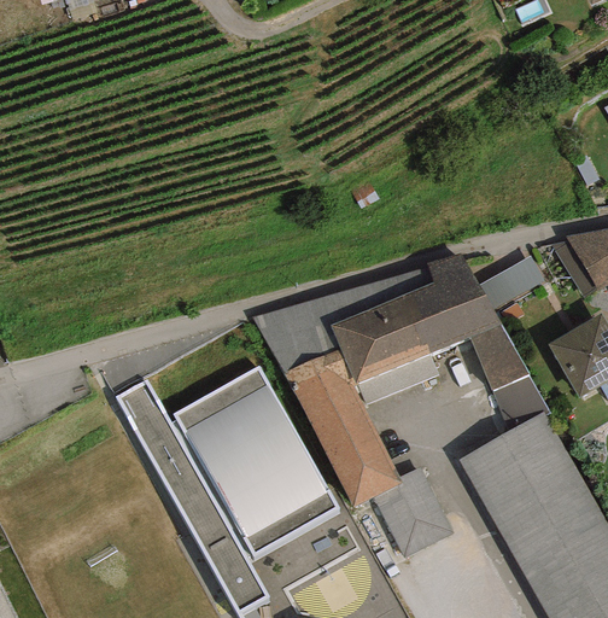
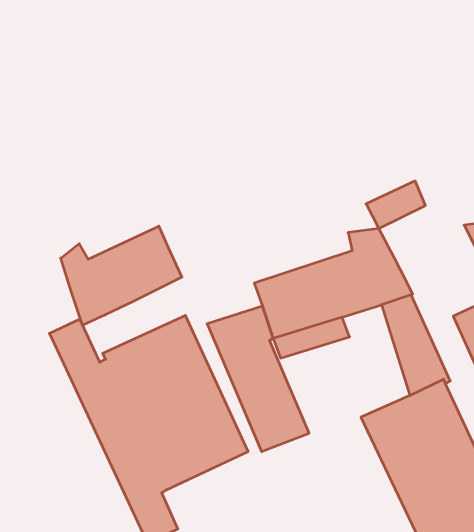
building: [479,256,543,310] -> [366,181,425,228]
building: none -> [61,226,182,325]
building: [373,490,452,564] -> none

